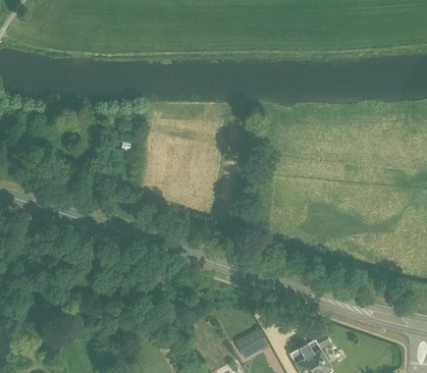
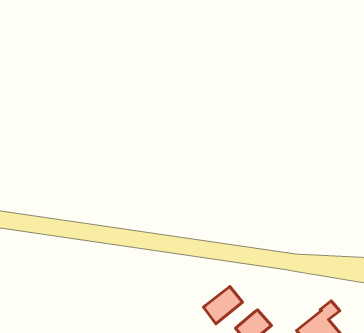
building: none -> [204,286,243,324]

